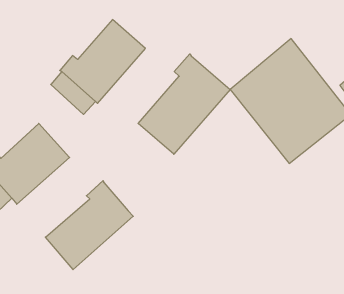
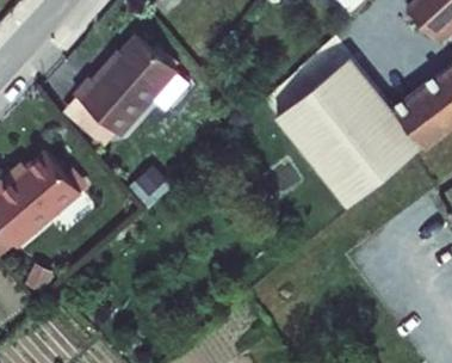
building: [138,54,230,154] -> none
building: [45,181,133,270] -> none

